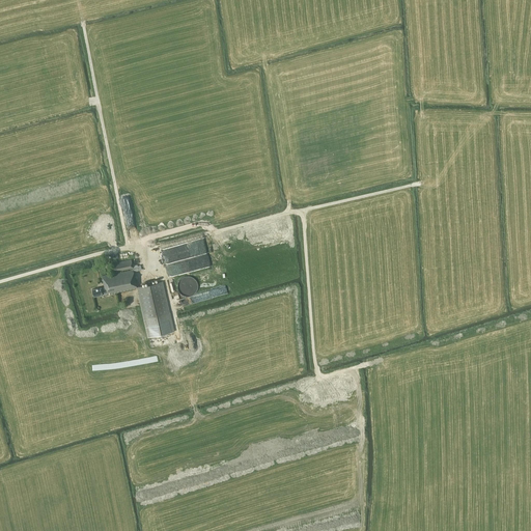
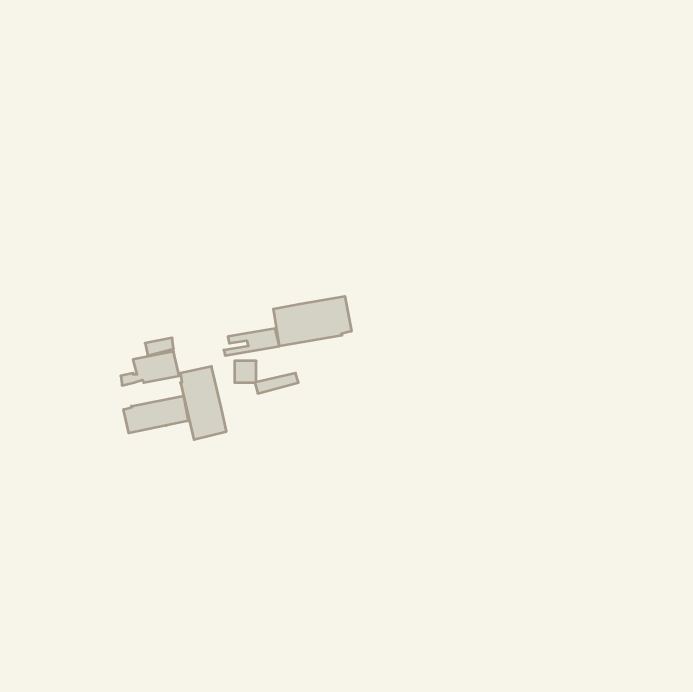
building: none -> [273,296,351,346]
building: none -> [124,396,188,433]

